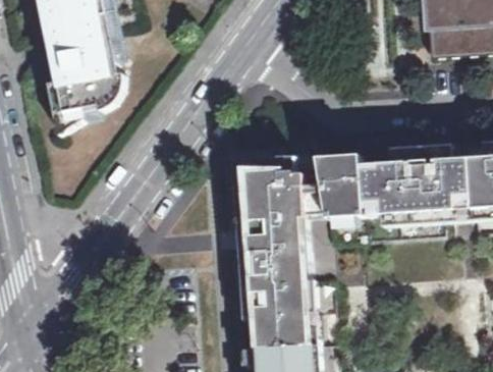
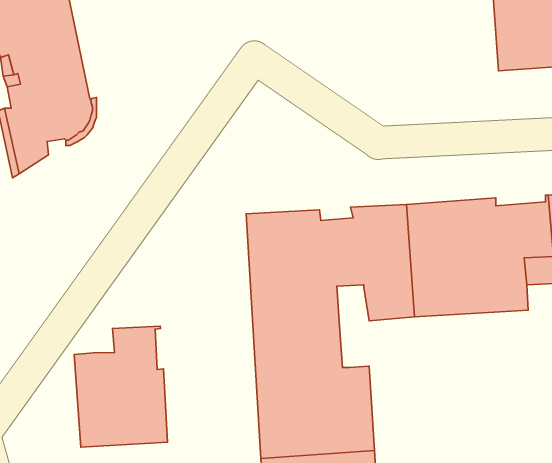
building: none -> [74,326,168,447]

